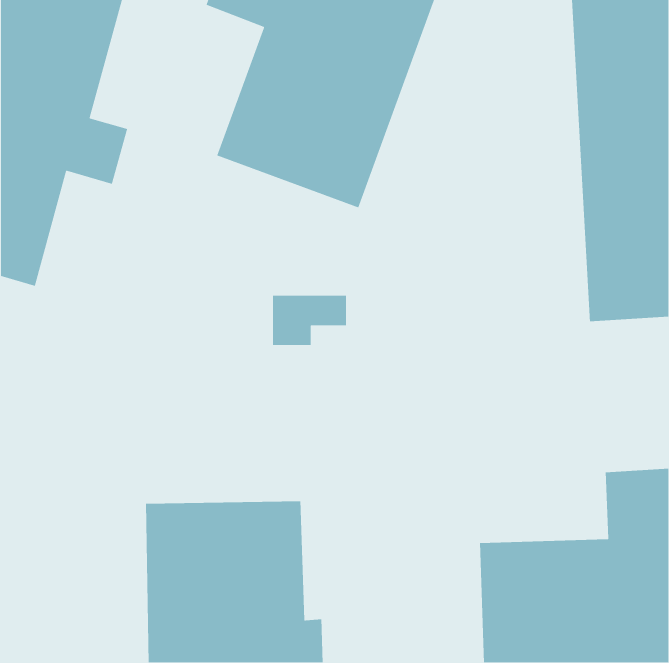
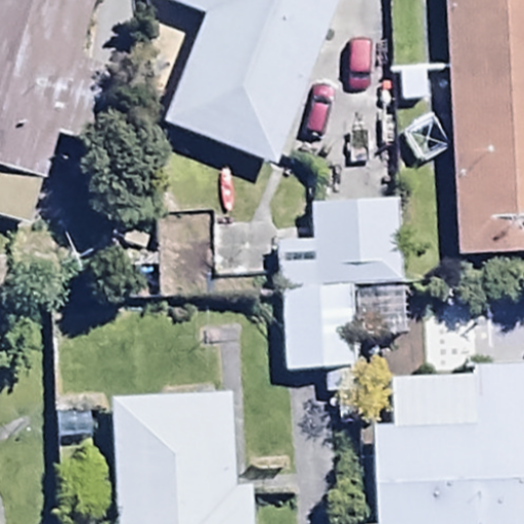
building: none -> [279,198,404,395]

